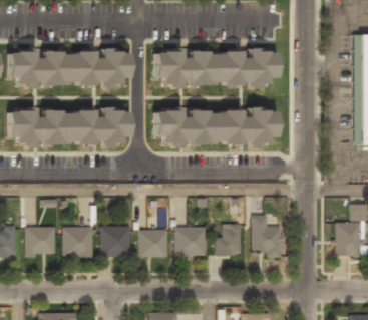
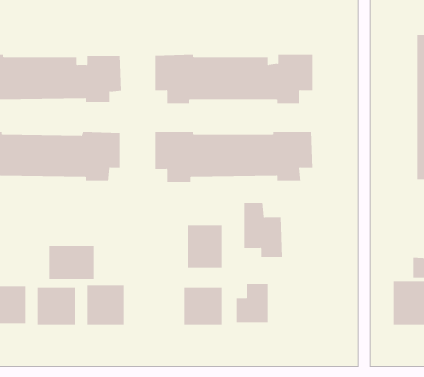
building: none -> [188,225,222,269]
building: none -> [49,245,94,280]
building: [251,216,281,258] -> [243,203,283,258]
building: [137,231,166,257] -> none

